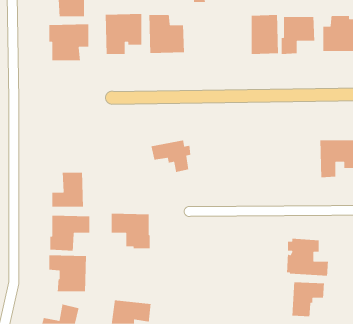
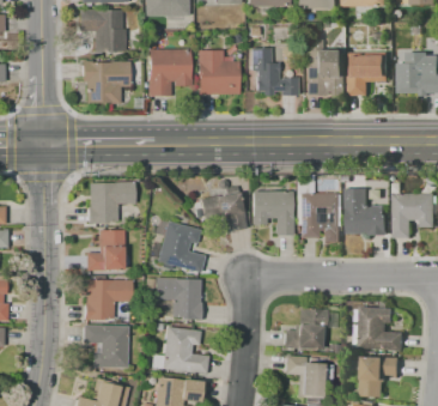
building: none -> [250,48,298,95]
building: none -> [87,182,134,224]
building: none -> [347,188,388,235]
building: none -> [251,190,292,235]
building: none -> [299,193,342,242]
building: none -> [157,220,203,273]
building: none -> [284,308,328,350]
building: none -> [160,327,207,374]
building: none -> [285,356,323,399]

